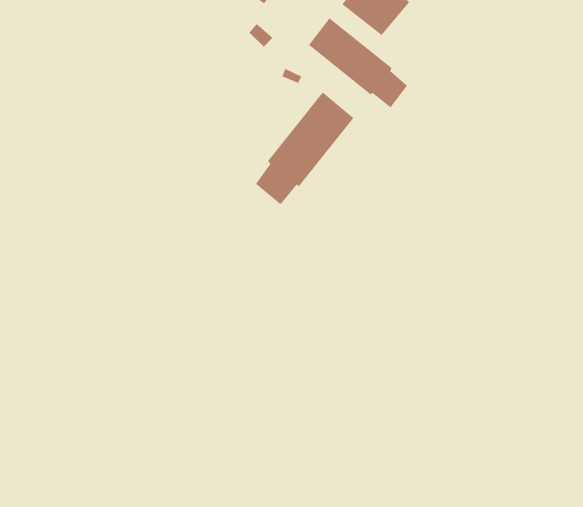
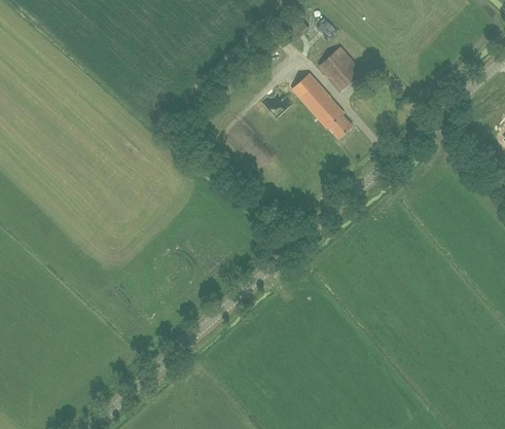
building: [255,92,354,205] -> none

